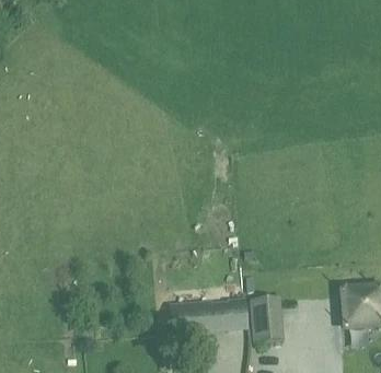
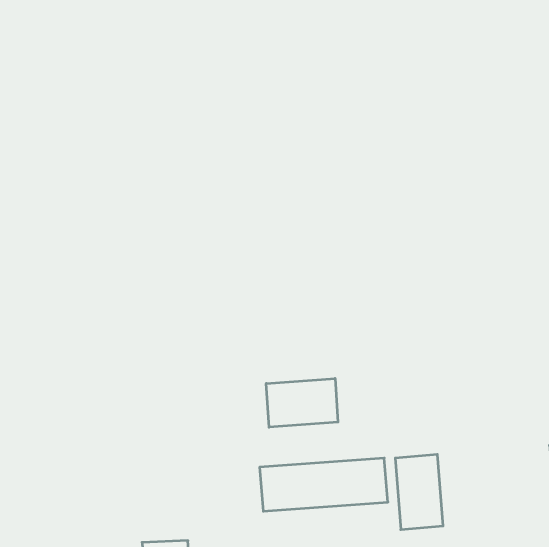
building: none -> [266,378,338,427]

